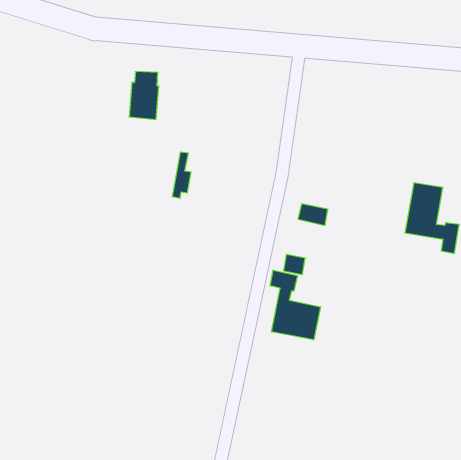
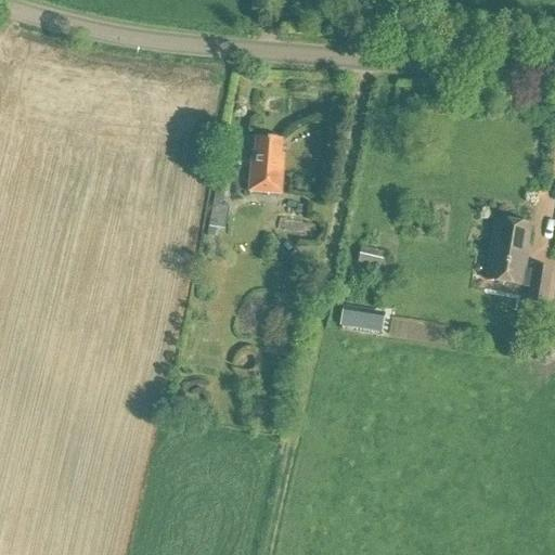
building: [129,72,159,120] -> [249,137,285,194]
building: [270,270,321,340] -> none

